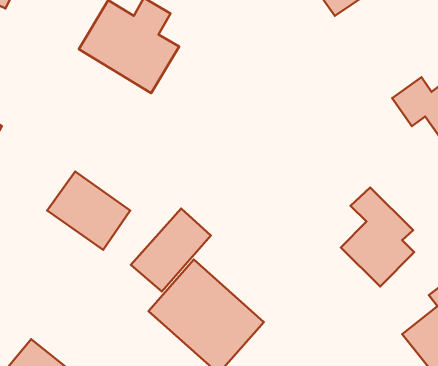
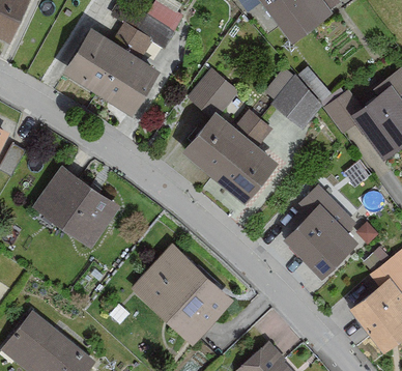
building: none -> [268,68,321,126]
building: none -> [190,79,276,197]
building: [131,209,211,291] -> none

